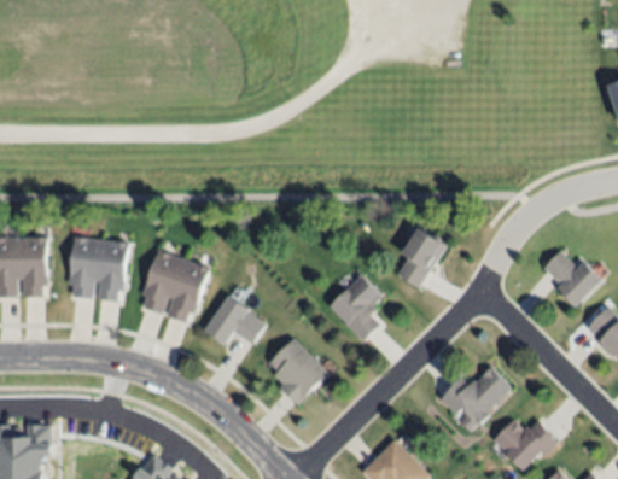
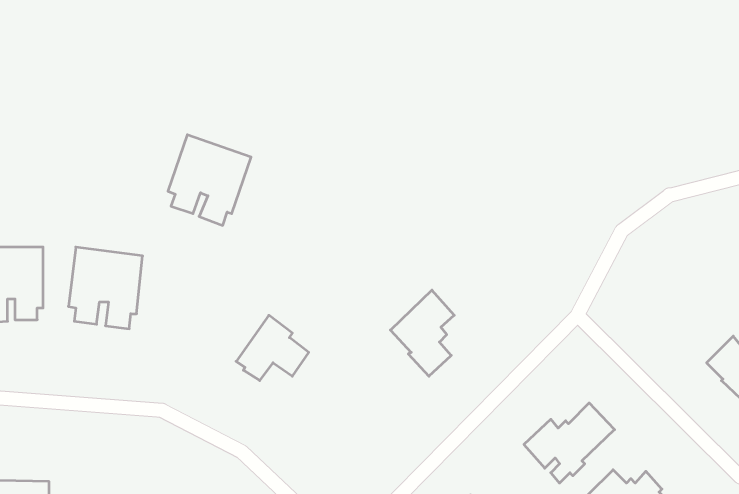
building: [396,226,445,286] -> none
building: [541,249,600,305] -> none
building: [141,250,209,323] -> [168,135,251,225]
building: [269,337,328,404] -> none

